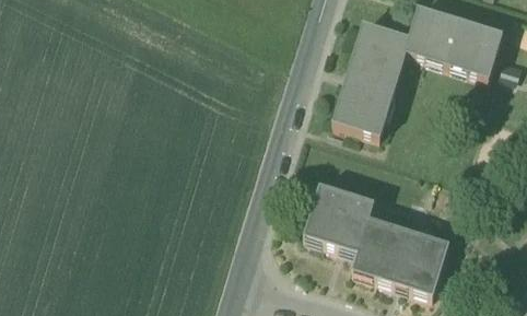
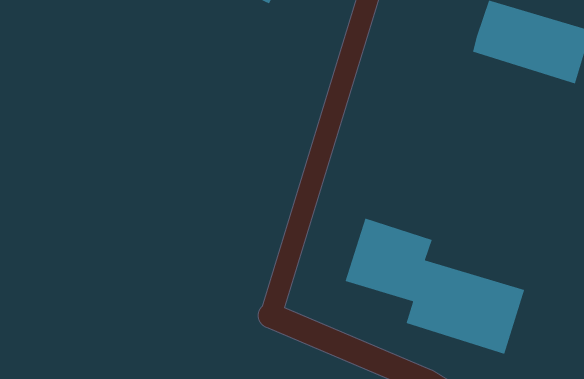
building: [335,22,410,134] -> none

